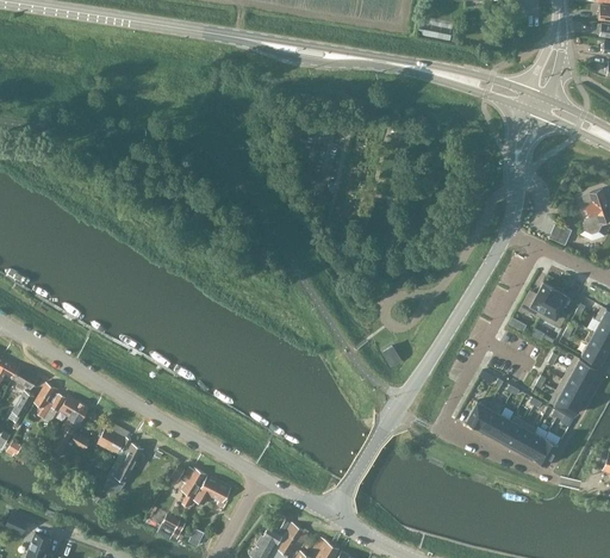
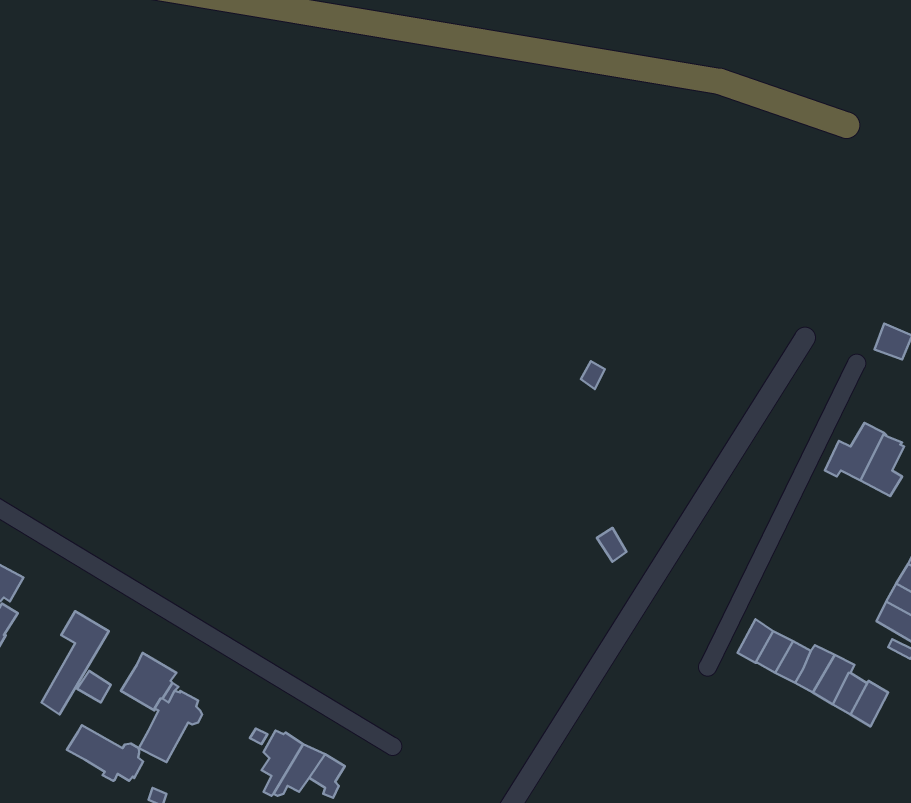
building: [35,385,66,424] -> none
building: none -> [67,725,143,781]

